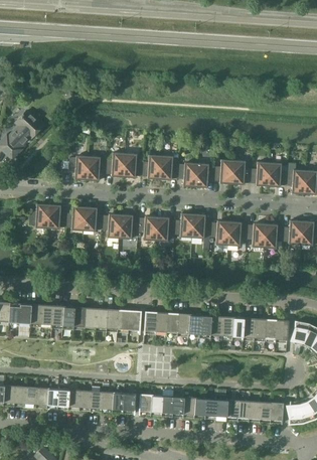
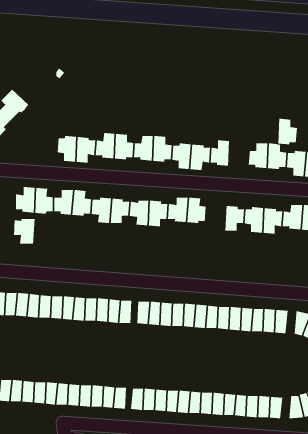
building: [232,160,252,185] -> [278,118,298,145]
building: [210,220,229,246] -> none
building: none -> [13,218,35,244]

